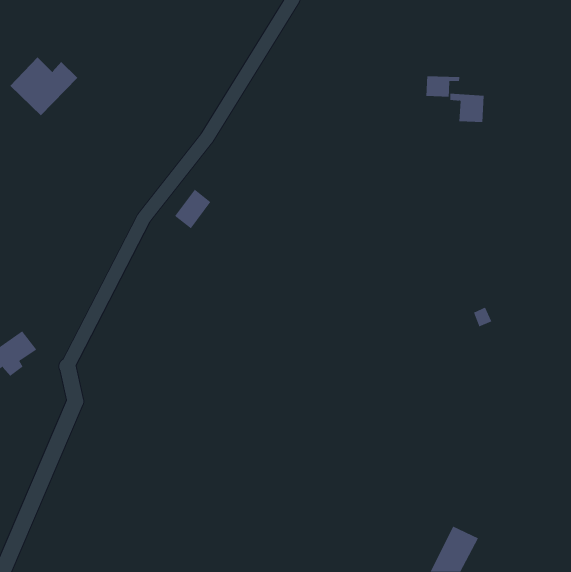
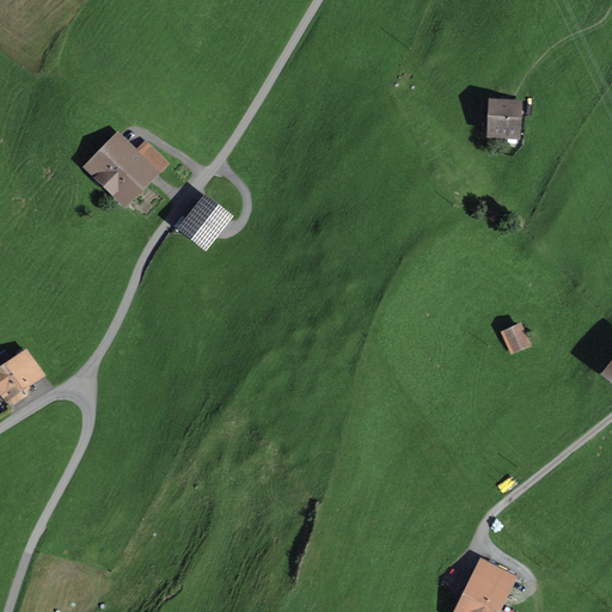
building: [10,57,78,116] -> [86,136,159,200]
building: [426,76,460,98] -> none

